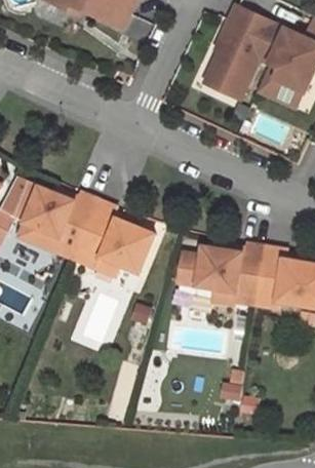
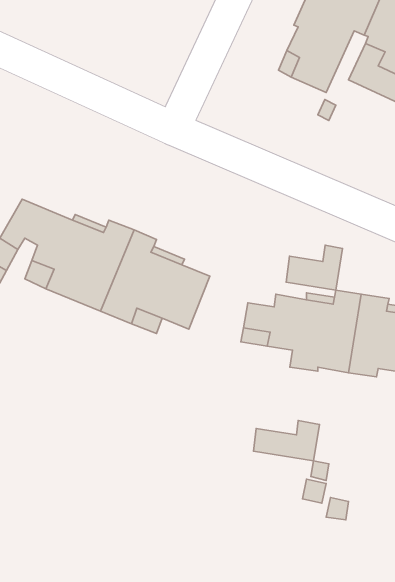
building: none -> [286,245,343,290]
building: none -> [253,421,319,461]

